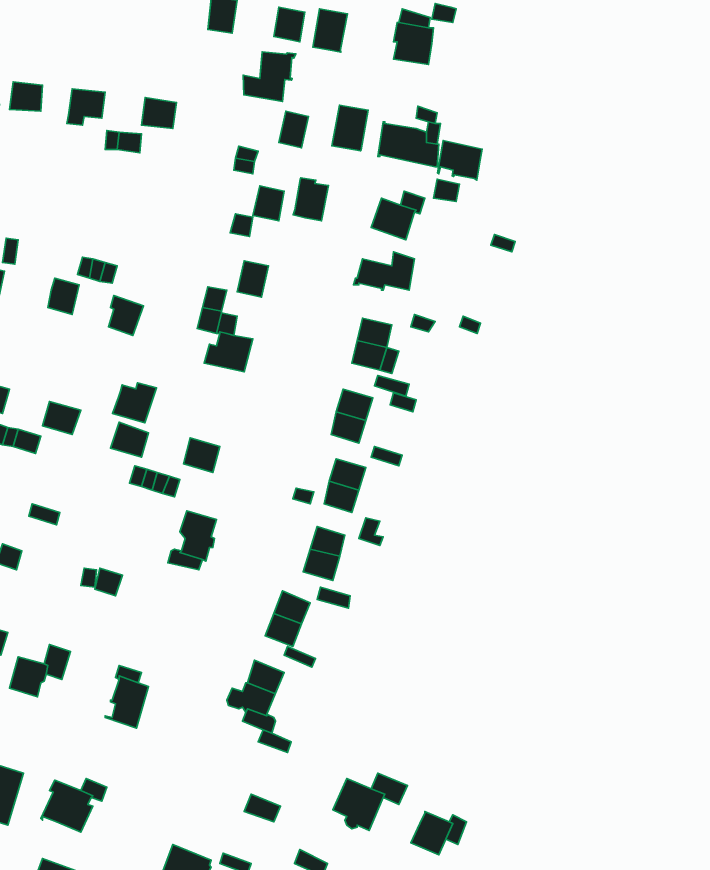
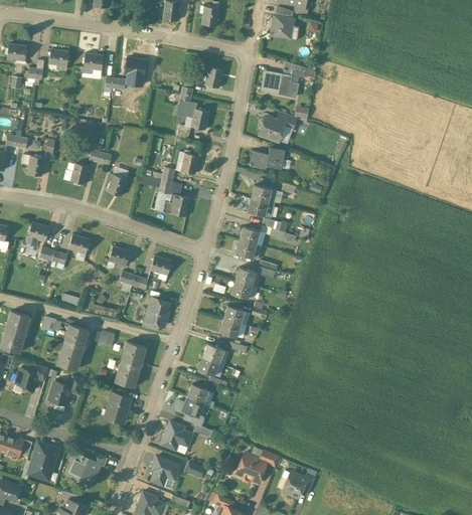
building: [313,9,348,52] -> none
building: [243,52,296,101] -> none
building: [332,105,368,151] -> none
building: [437,141,482,180] -> none
building: [293,178,329,221] -> none
building: [112,383,156,423] -> none
building: none -> [57,324,89,369]
building: none -> [115,341,146,386]
building: none -> [162,420,193,450]
building: none -> [151,456,180,485]

